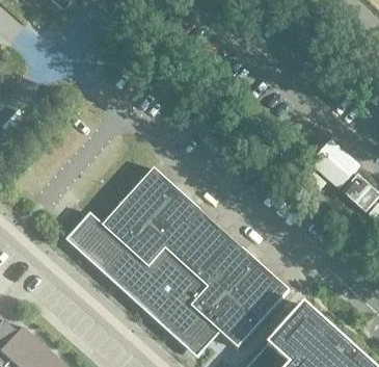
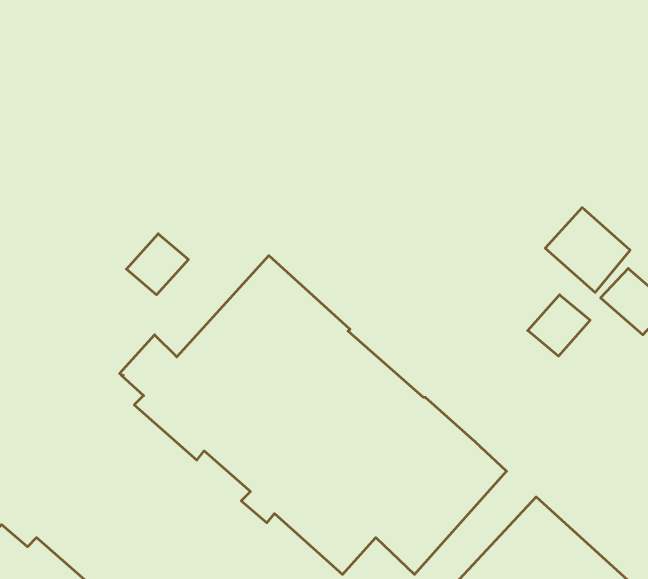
building: none -> [126,234,188,295]
building: none -> [528,295,590,356]

